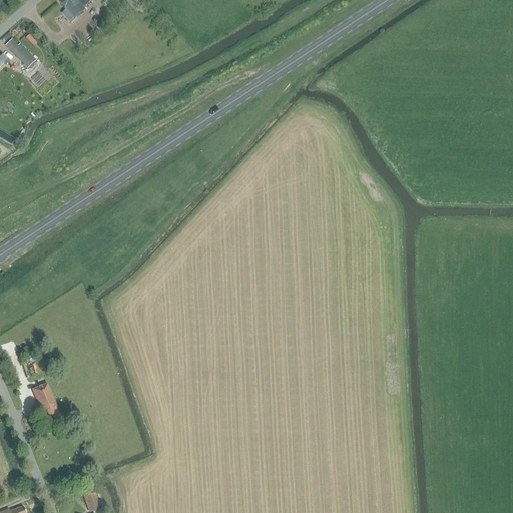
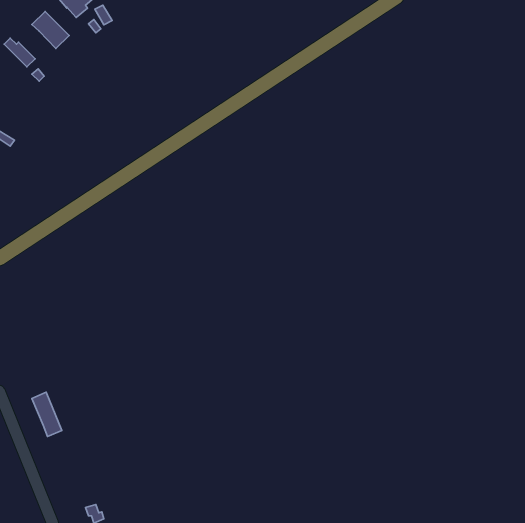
building: none -> [32,11,69,49]

